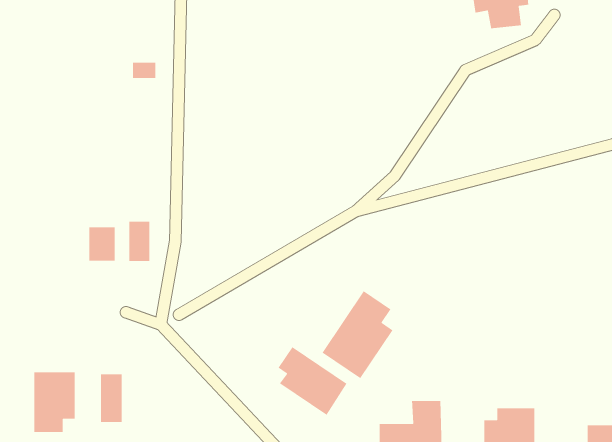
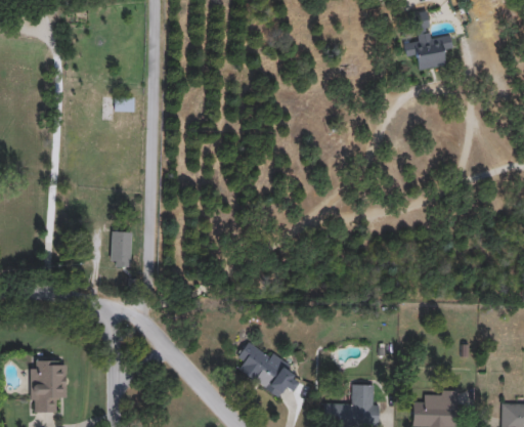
building: [89,226,116,262] -> none
building: [321,290,394,379] -> none
building: [100,374,122,423] -> none

